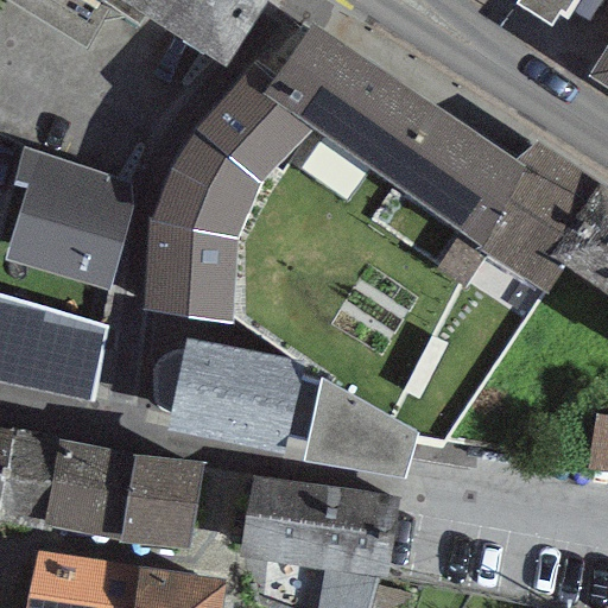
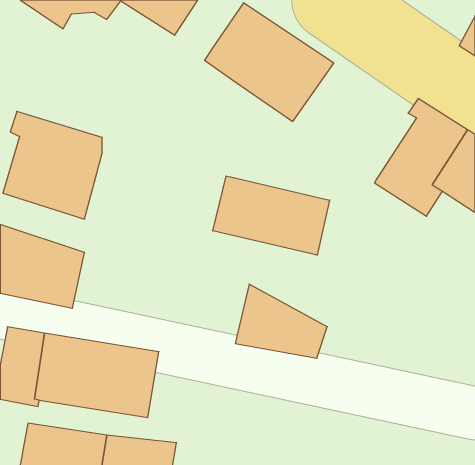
building: [140,65,302,321] -> none
building: [374,93,532,241] -> none
building: none -> [213,176,330,255]
building: [164,336,309,455] -> none
building: [238,481,390,582] -> none

